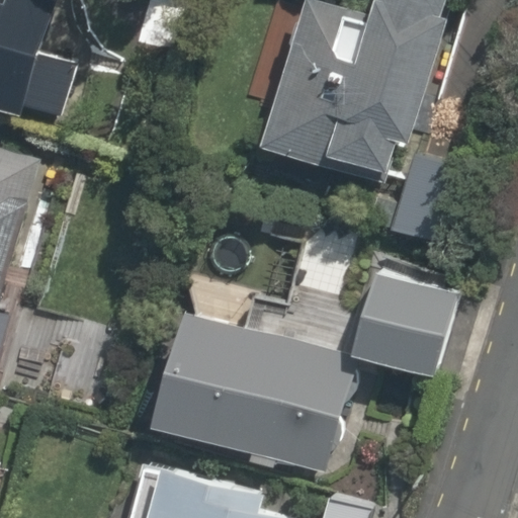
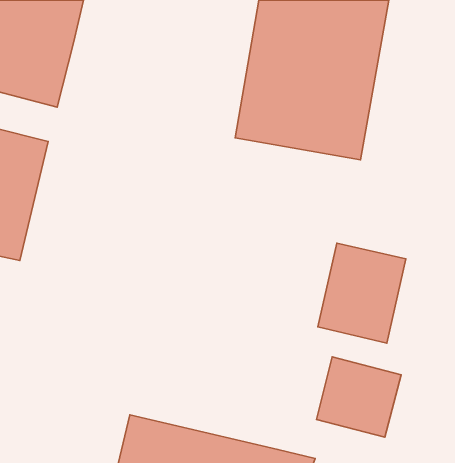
building: [156,315,348,470] -> none
building: none -> [316,357,401,437]

